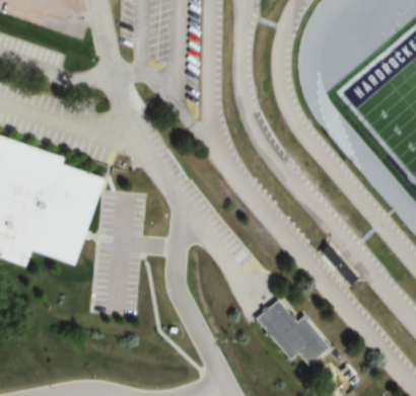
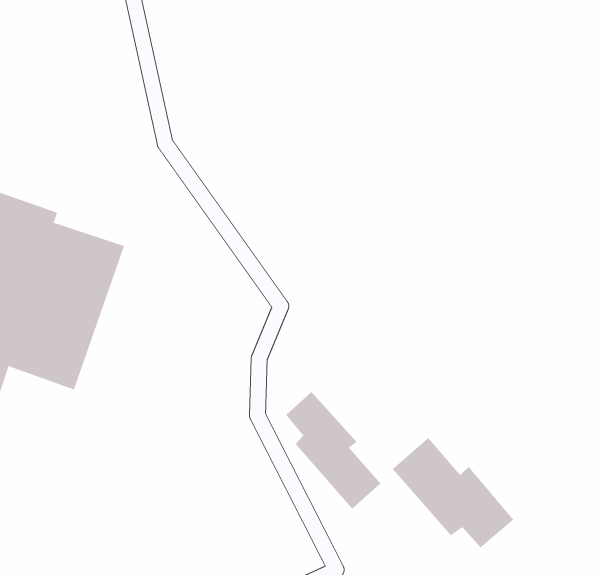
building: none -> [285,391,381,509]

